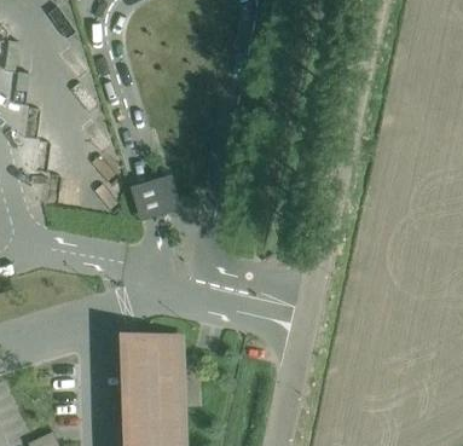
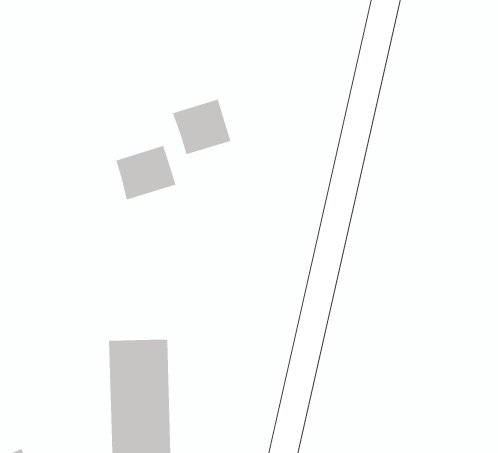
building: none -> [172,99,231,155]

